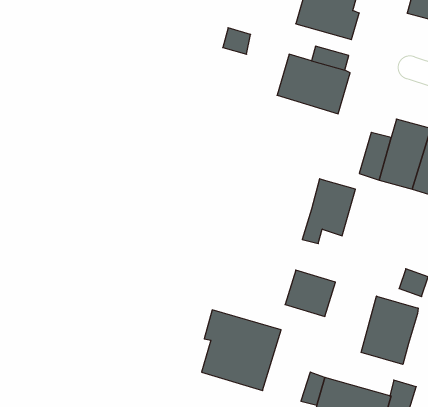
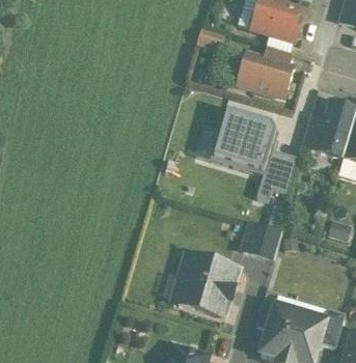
building: none -> [211,107,277,172]
building: [361,296,418,364] -> none

